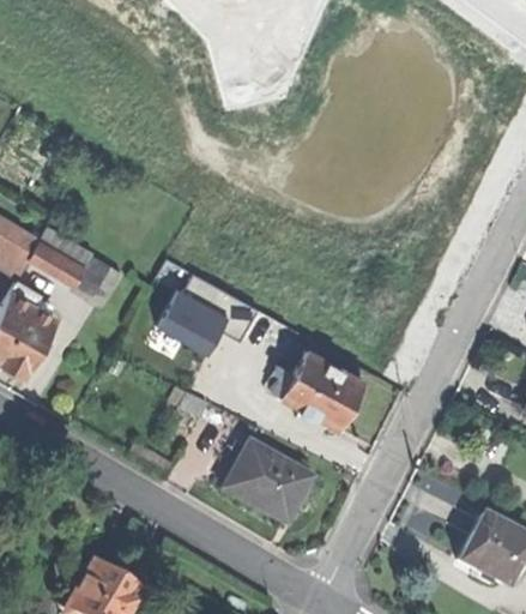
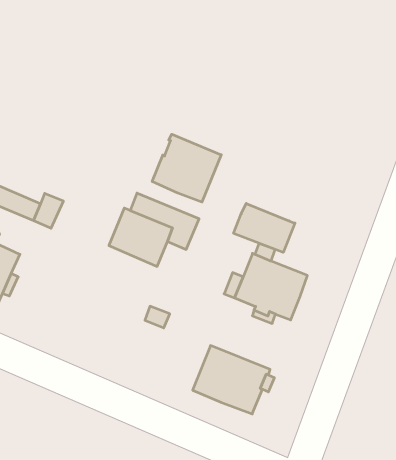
building: none -> [152,134,221,202]
building: none -> [234,203,295,252]

